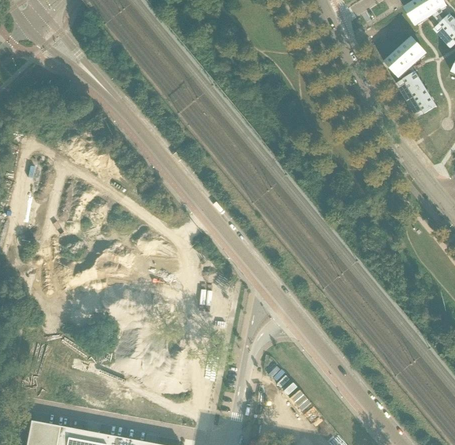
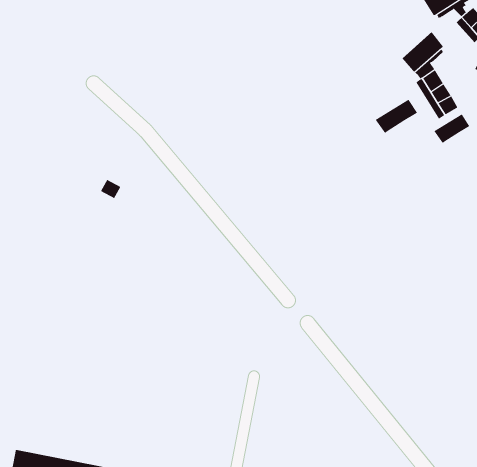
building: none -> [375,99,418,133]
building: none -> [434,113,470,144]

